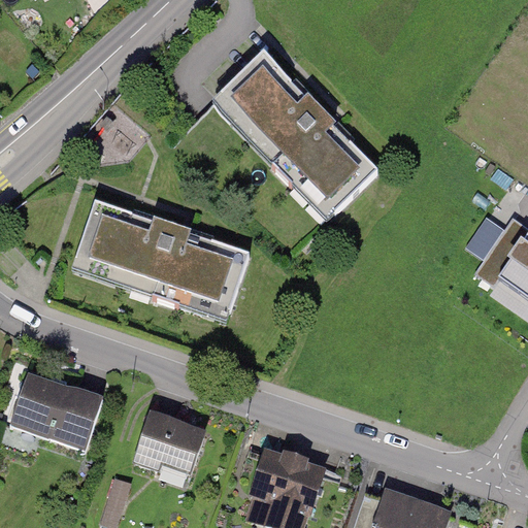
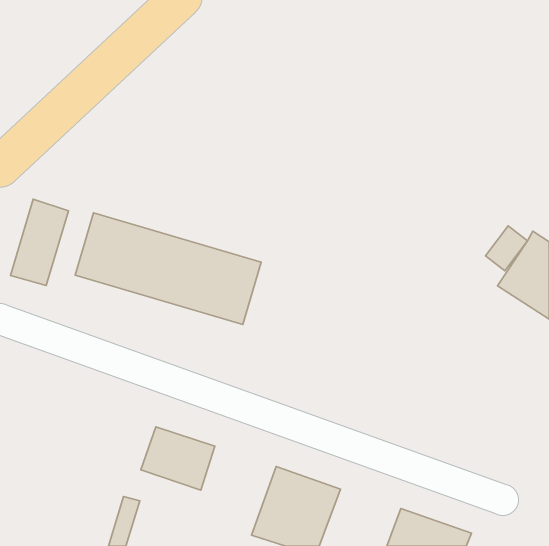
building: [212,54,375,219] -> none
building: none -> [11,199,69,285]
building: [10,371,102,448] -> none

